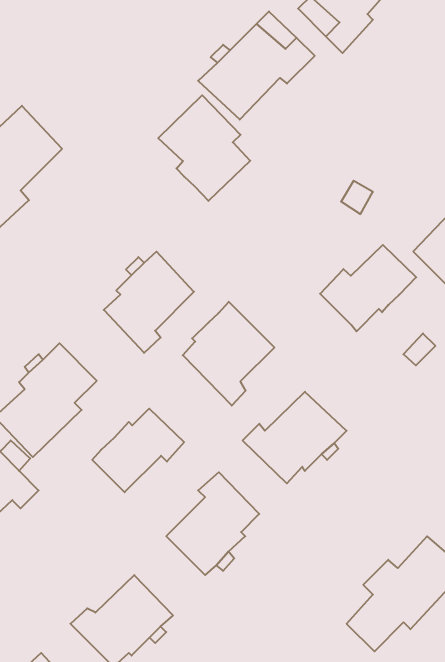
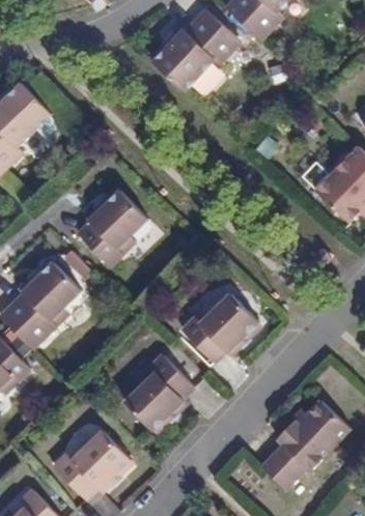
building: [158,95,250,201] -> none
building: [320,245,416,331] -> none
building: [183,302,274,406] -> none
building: [92,409,184,492] -> none

